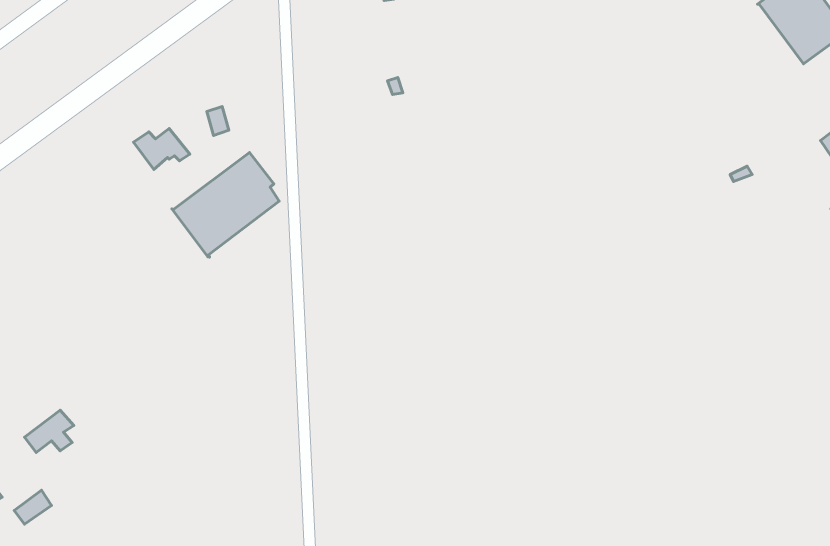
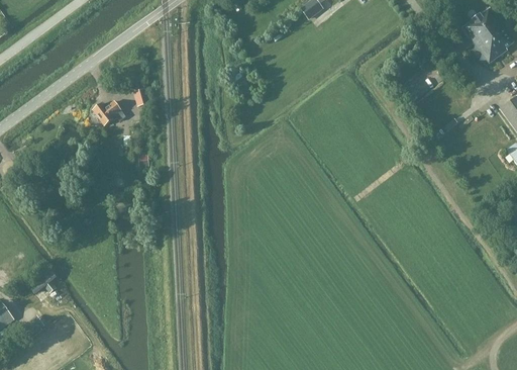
building: [172,152,279,257] -> none

